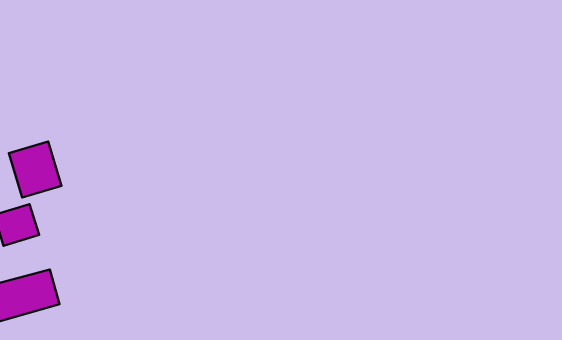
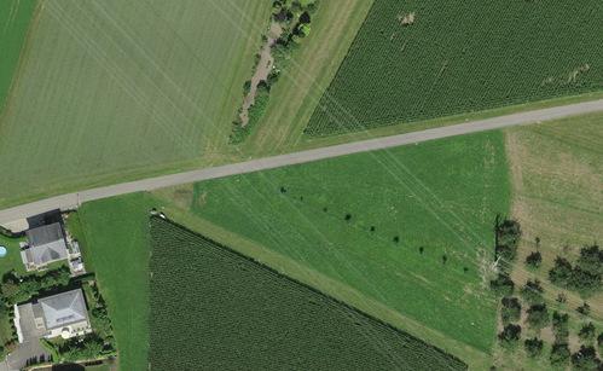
building: [9,141,62,197] -> none

